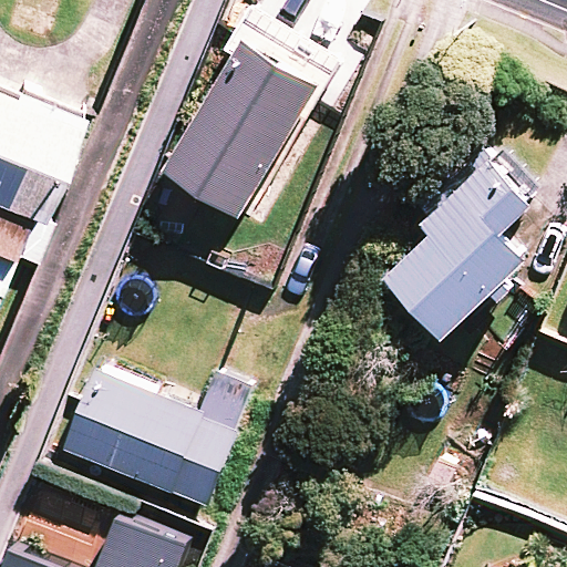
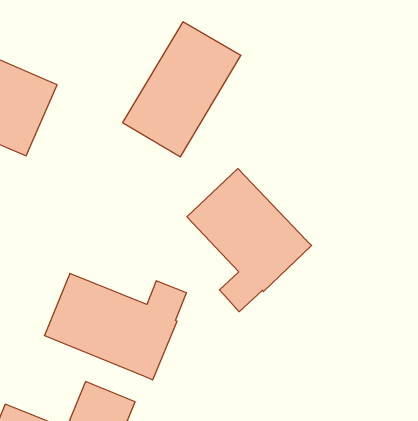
building: [383,157,532,338] -> none
building: none -> [187,169,312,312]

